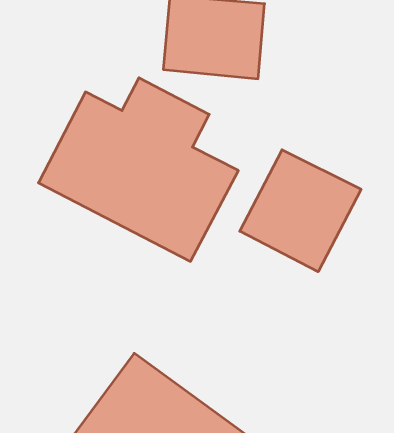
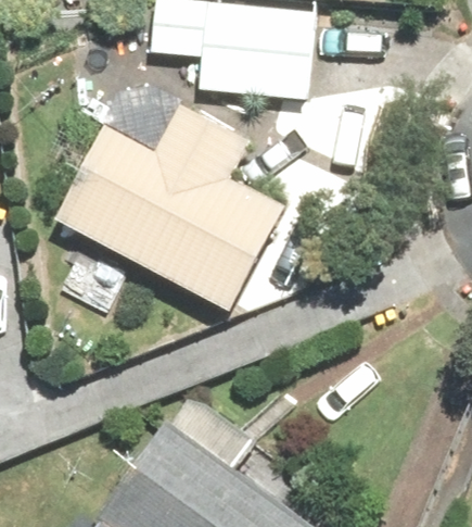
building: [240,150,361,272] -> none

